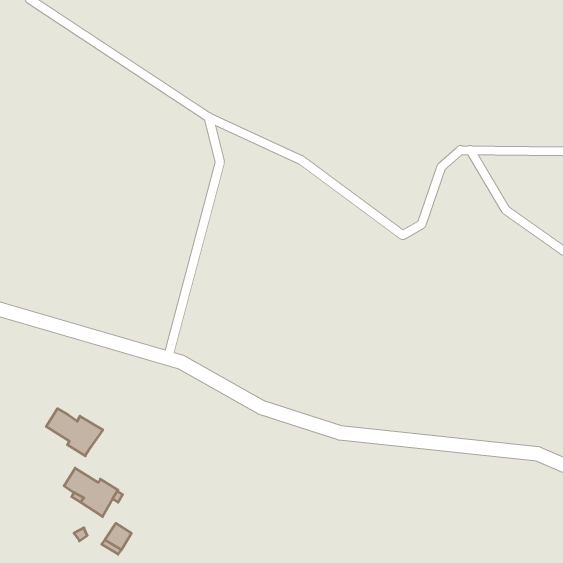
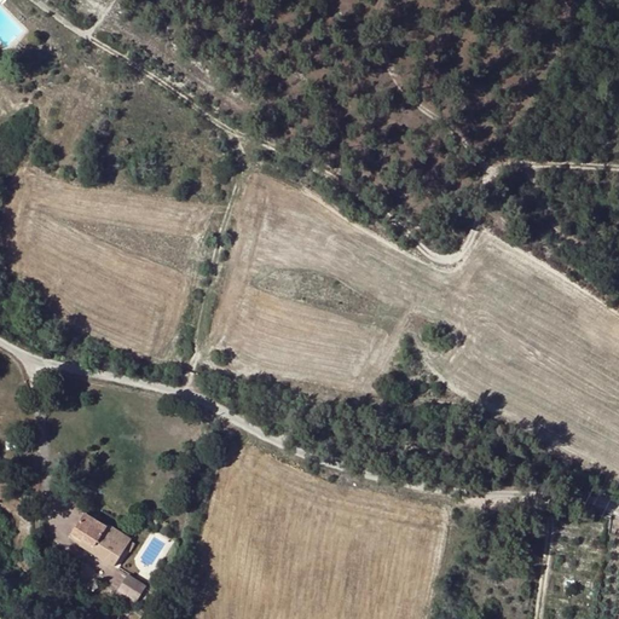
building: [46,409,103,456] -> none

